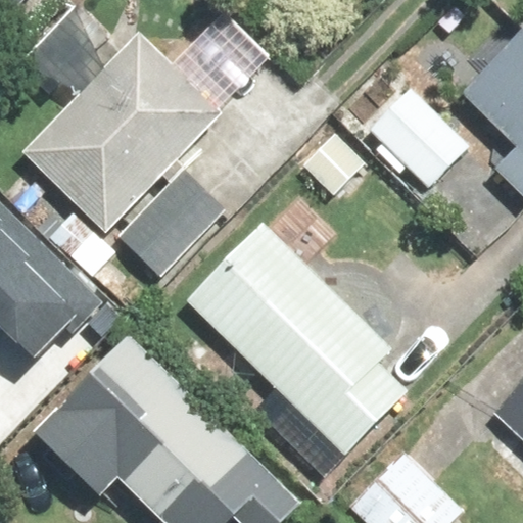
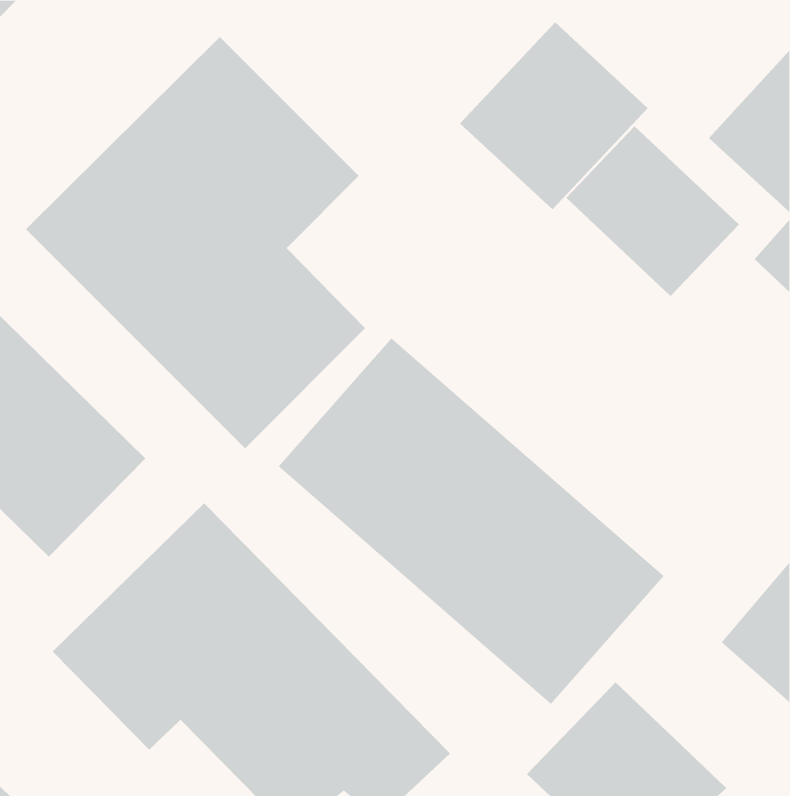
building: none -> [459,22,648,210]

